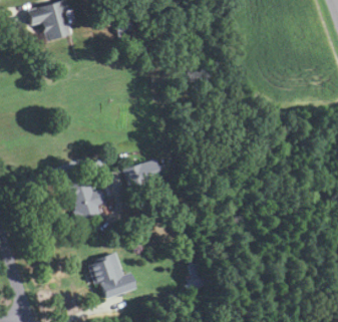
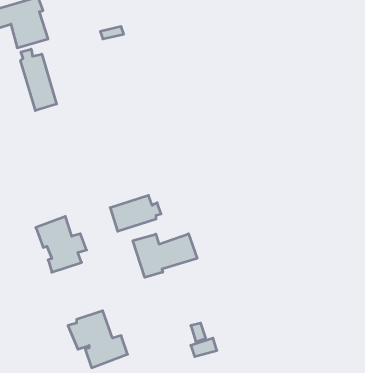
building: none -> [21,49,57,111]
building: none -> [133,234,197,277]

